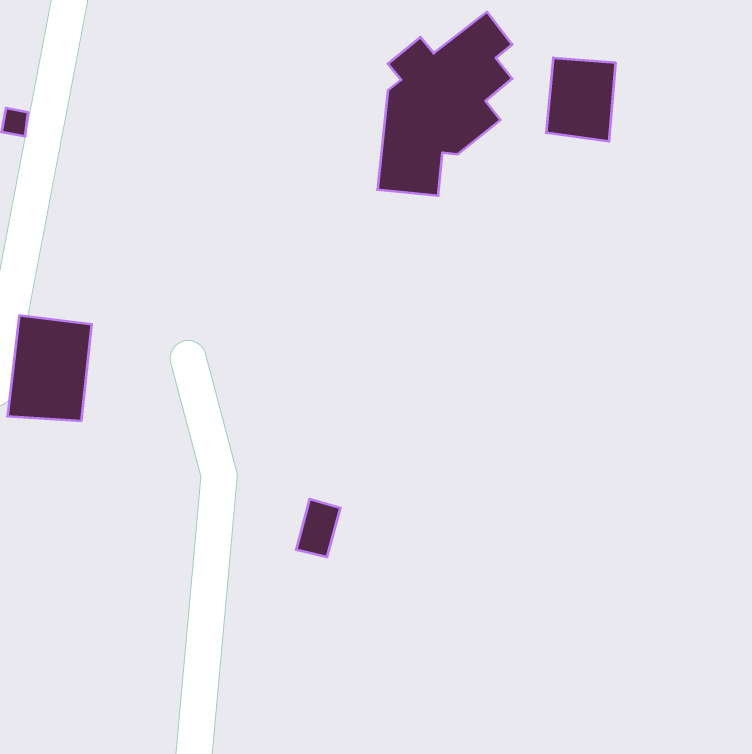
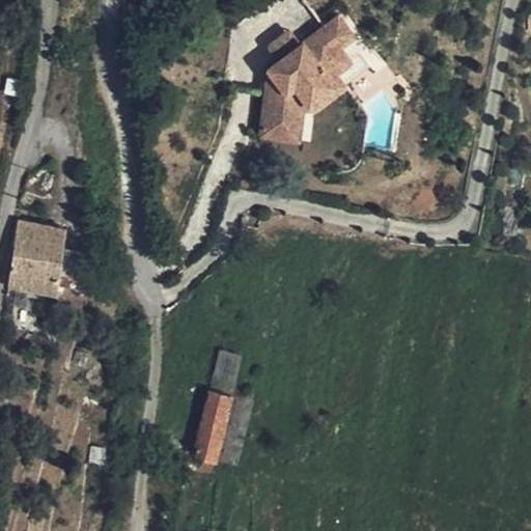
building: [546,58,615,141] -> none
building: none -> [195,393,229,466]

